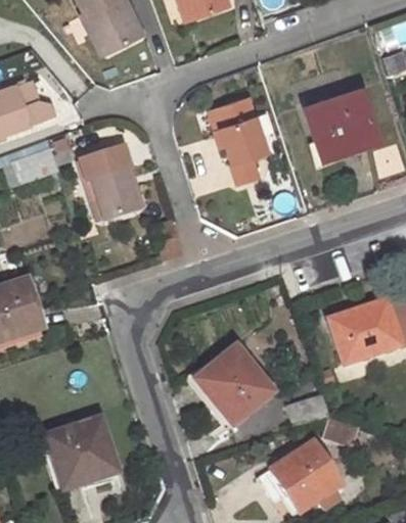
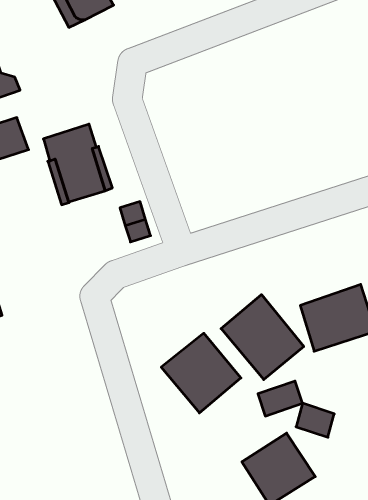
building: [304,88,377,157] -> none
building: [217,96,270,183] -> none
building: none -> [221,295,304,380]
building: [45,420,119,490] -> none

